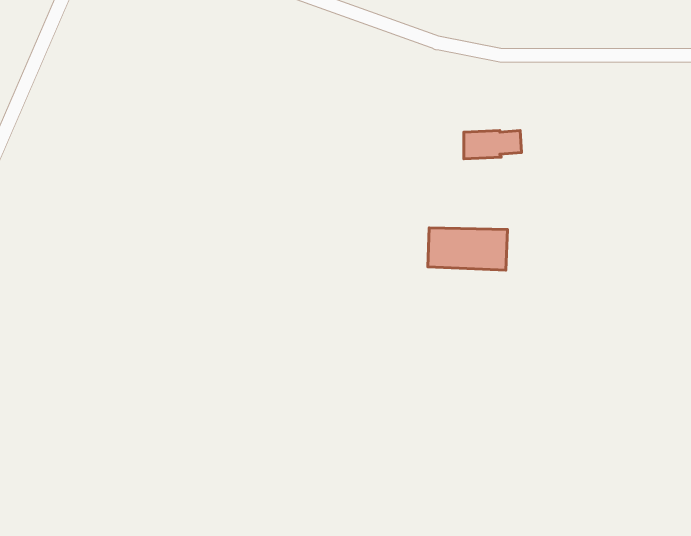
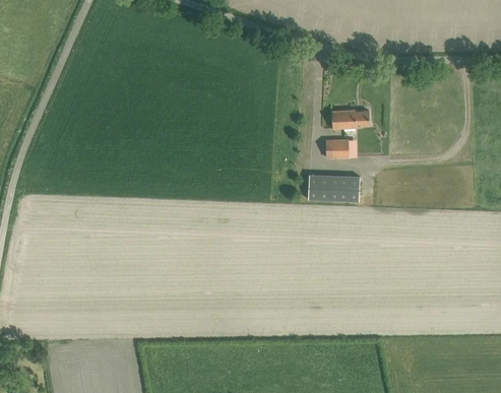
building: none -> [325,141,349,159]

